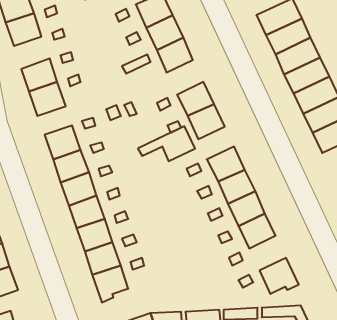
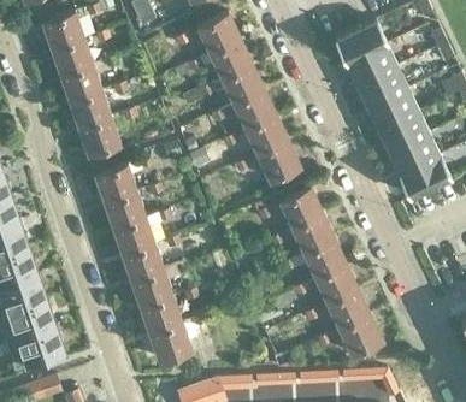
building: none -> [60,65,101,102]
building: [138,126,195,161] -> [211,91,276,131]
building: none -> [328,291,370,331]

